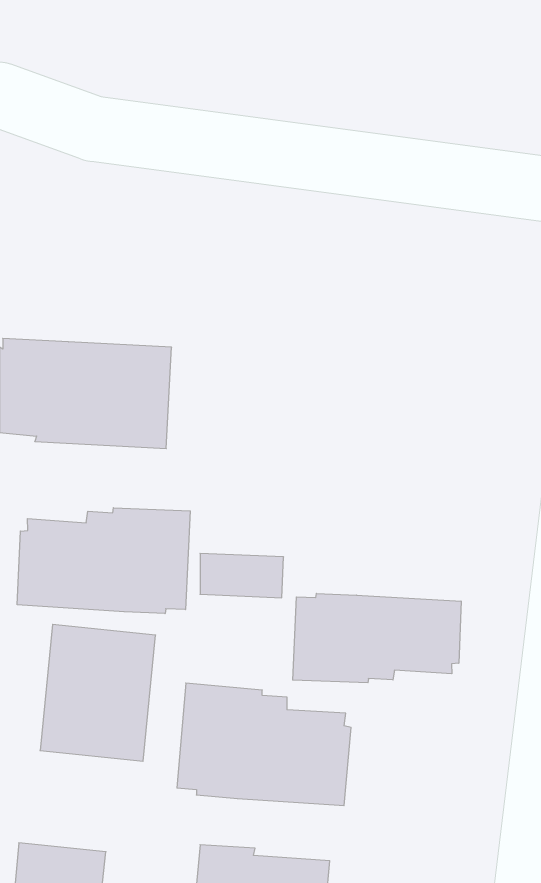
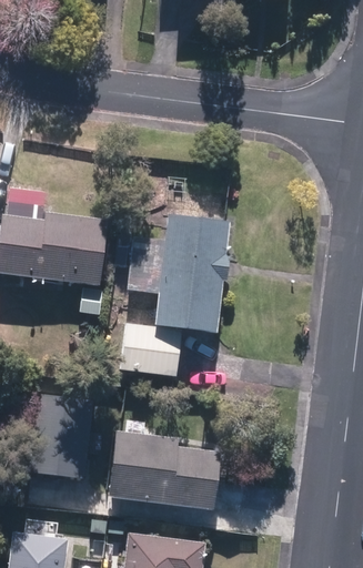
building: none -> [128,221,229,331]
building: [17,508,190,614] -> none
building: [293,593,461,683] -> none

